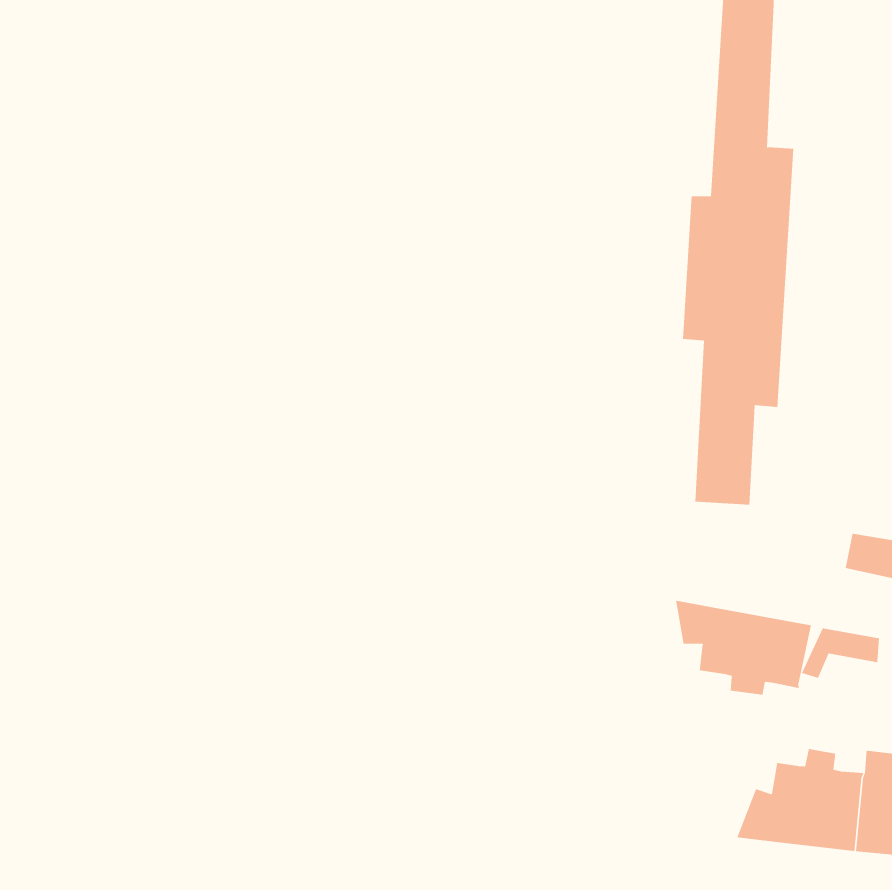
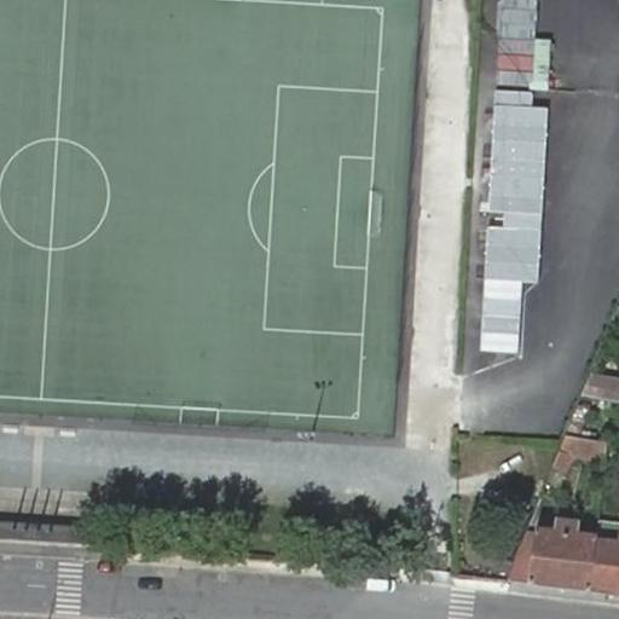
building: [676,600,811,695] -> none

